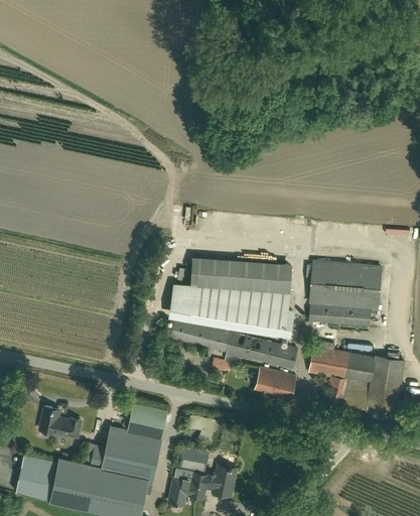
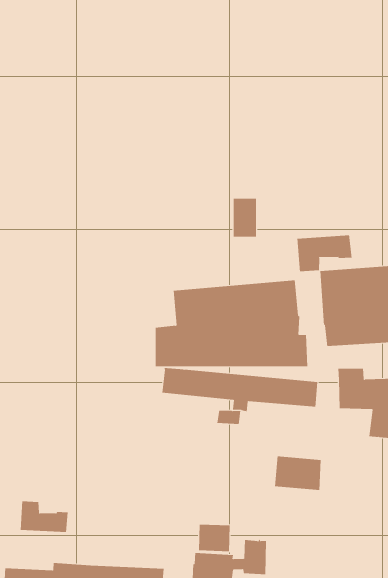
building: none -> [233,198,257,238]
building: none -> [297,234,352,272]
building: [254,367,295,400] -> [274,456,321,490]
building: [92,402,167,479] -> none

